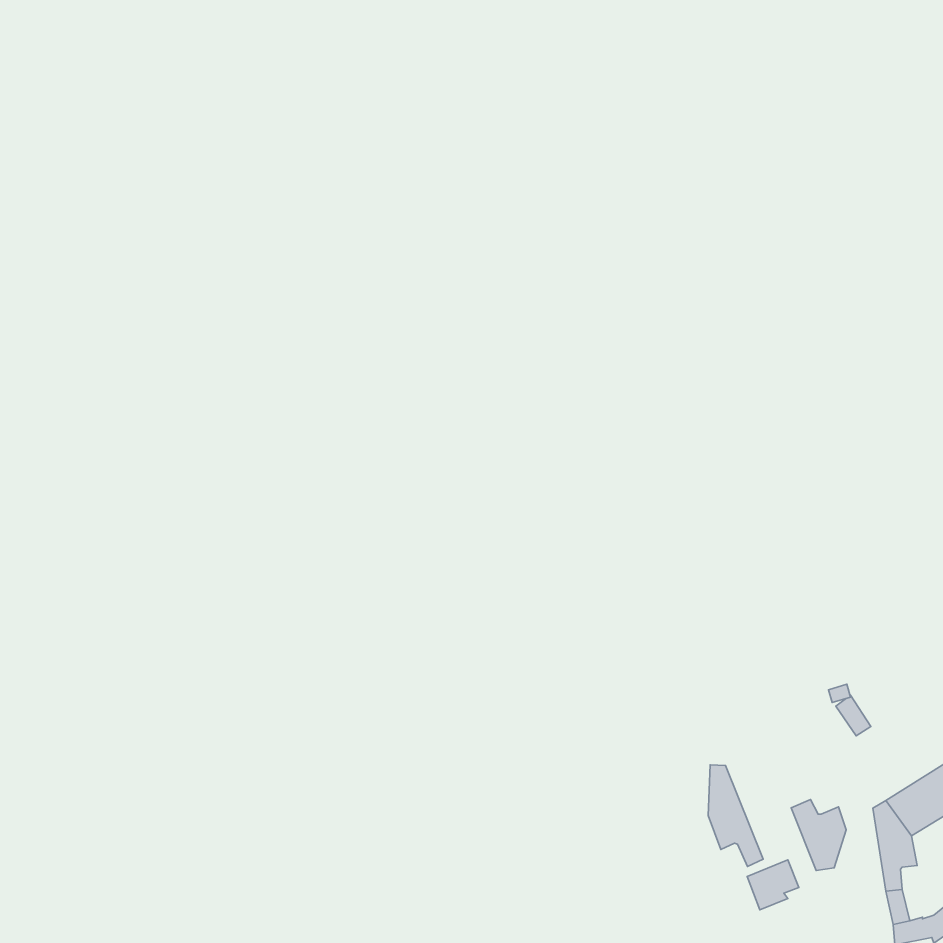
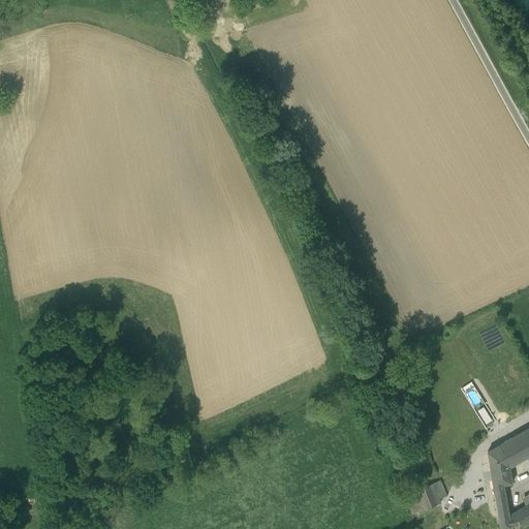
building: [708,765,763,866] -> none
building: [791,800,846,870] -> none

